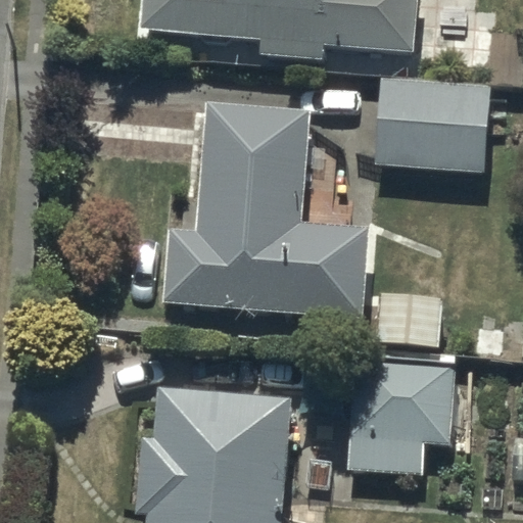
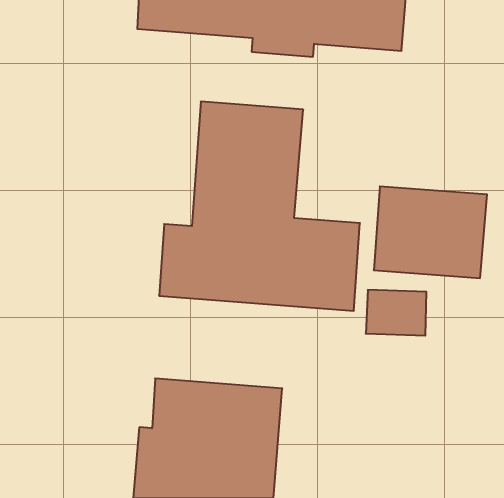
building: [374,77,490,171] -> [374,186,487,278]
building: [347,360,454,471] -> none

